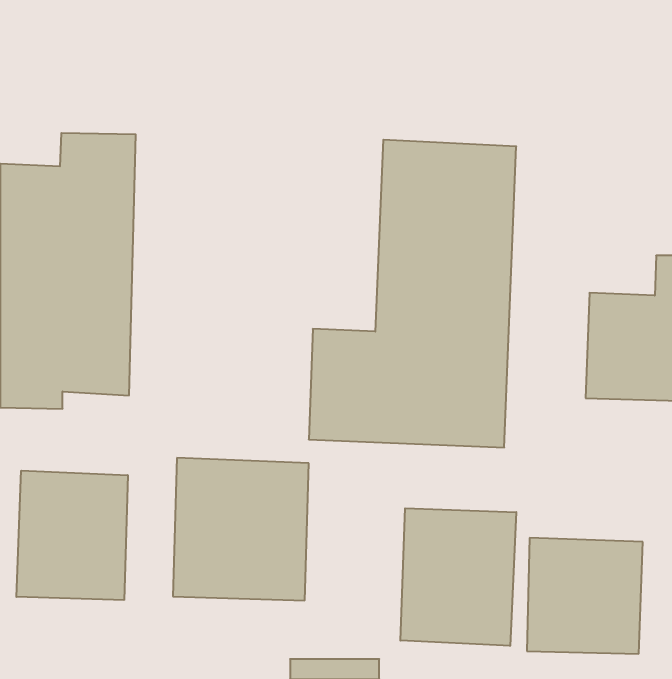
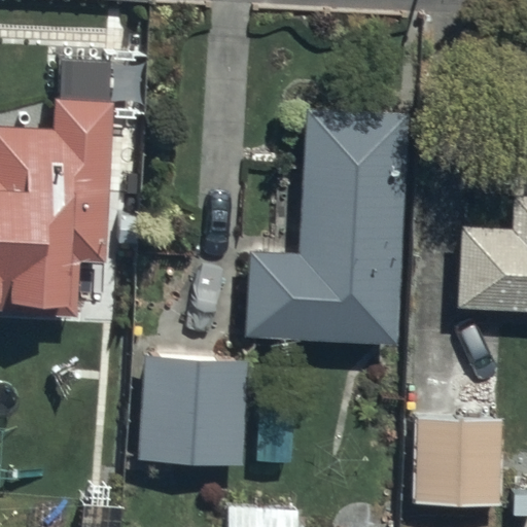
building: [16,471,128,600] -> none
building: [400,508,516,646] -> none

